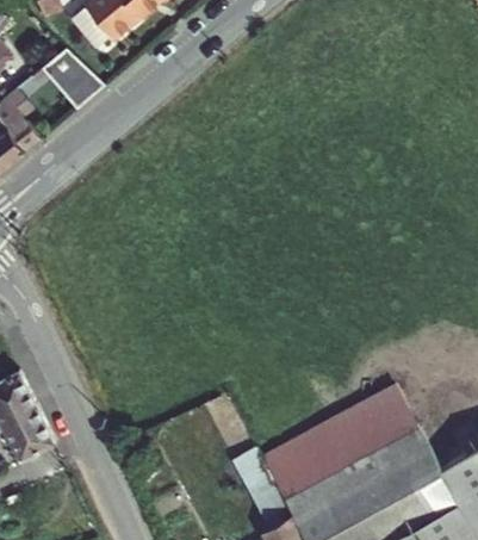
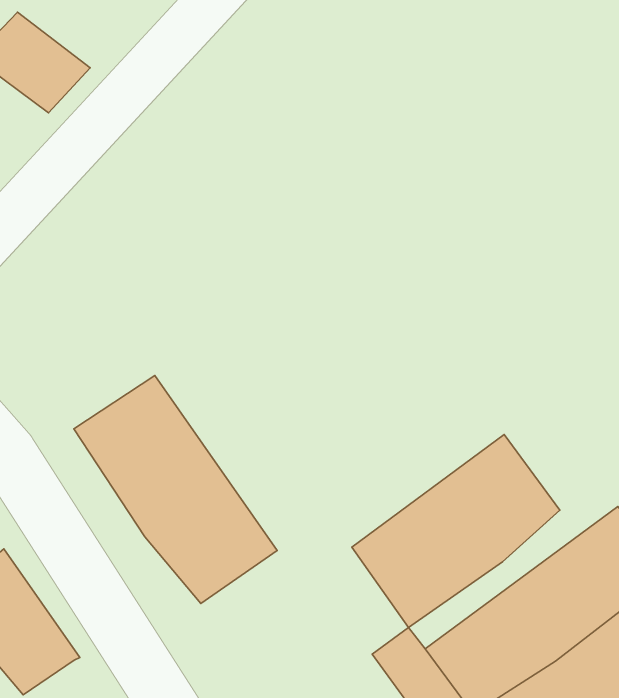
building: none -> [74,375,277,603]
building: none -> [352,435,560,627]

